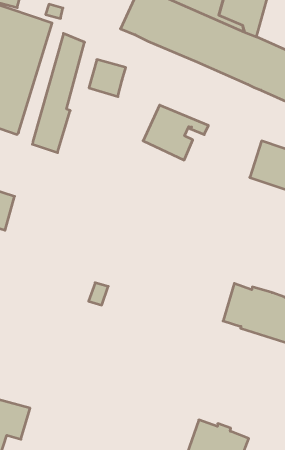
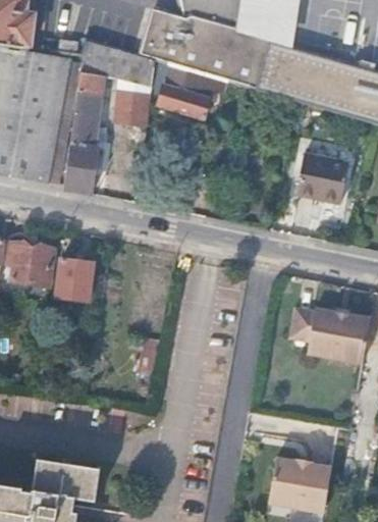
building: none -> [80,40,156,89]
building: [143,105,208,160] -> [158,65,224,119]
building: none -> [56,257,94,299]

